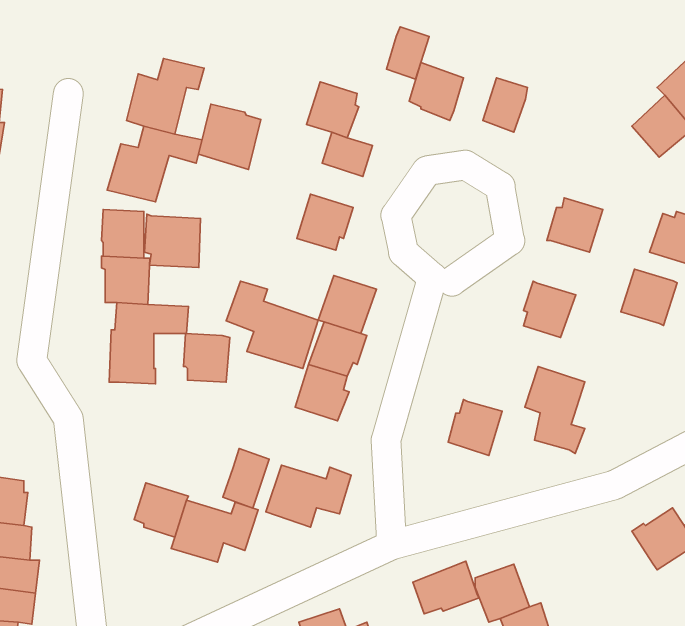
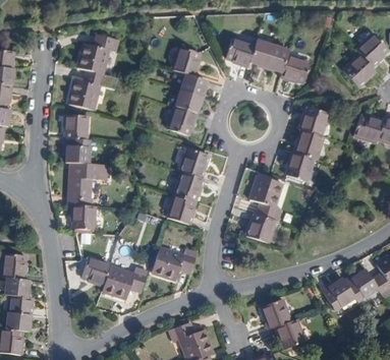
building: [387,27,429,79] -> [250,39,273,66]
building: none -> [281,55,311,81]
building: [199,104,261,169] -> none
building: none -> [175,88,203,112]
building: [145,214,200,268] -> none
building: [621,269,677,325] -> [294,129,324,159]
building: [226,281,318,369] -> none
building: [184,334,230,382] -> [73,203,98,229]
building: [525,366,585,454] -> [253,175,284,221]
building: [223,449,269,508] -> none
building: none -> [322,278,355,311]
building: [413,561,479,614] -> none

